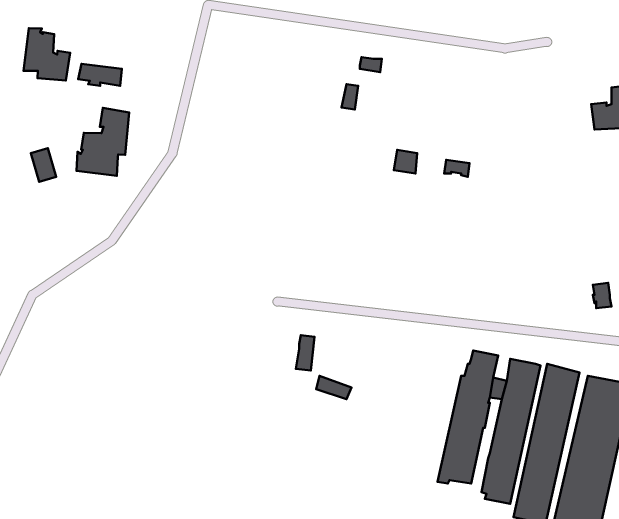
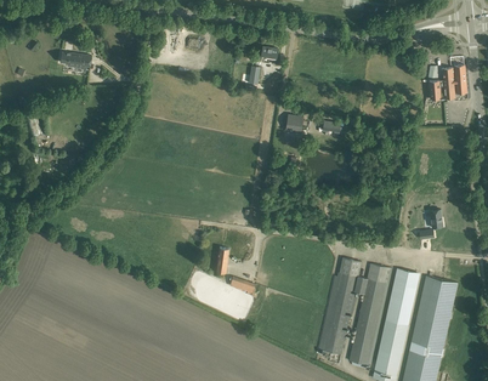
building: [24,28,70,80] -> none
building: [76,108,129,176] -> none

